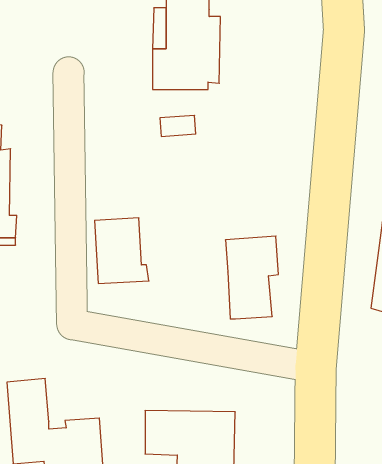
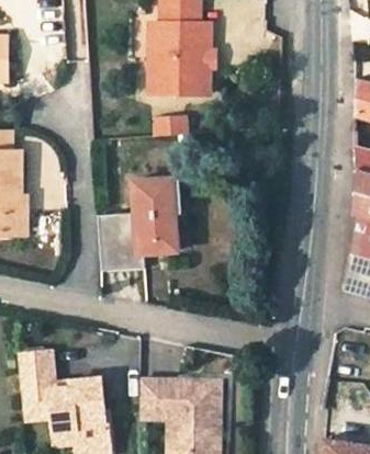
building: [225,236,278,319] -> [135,177,182,250]

